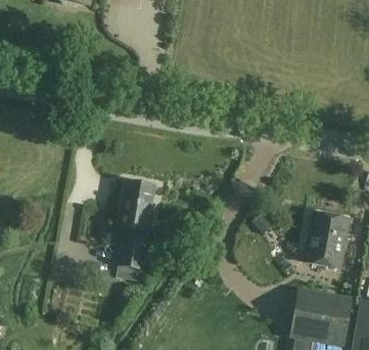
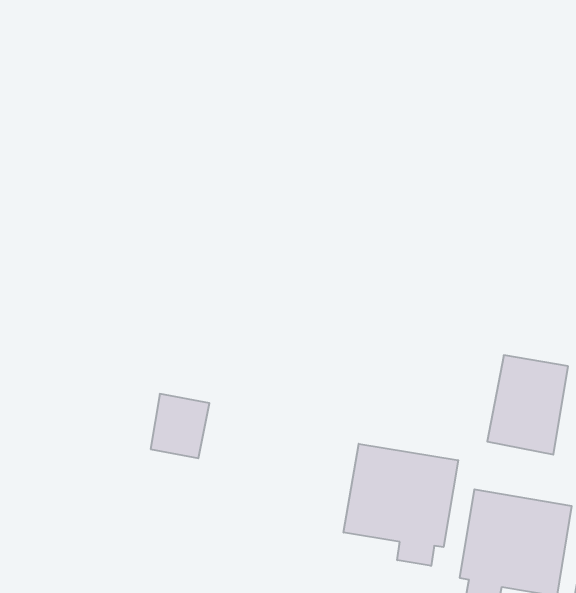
building: [120,180,154,230] -> none
building: none -> [344,444,458,566]

